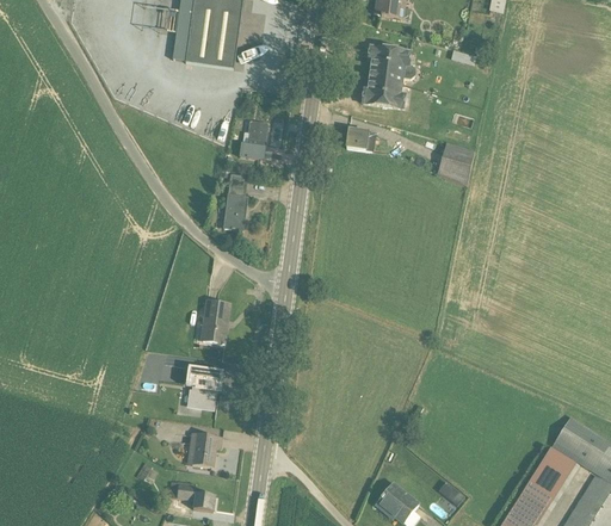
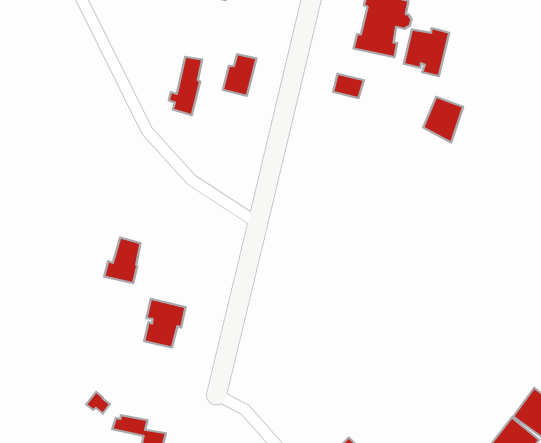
building: none -> [404,28,449,76]
building: [218,174,247,230] -> [169,57,202,115]
building: [196,299,228,342] -> [104,238,141,283]
building: [186,432,222,466] -> none

